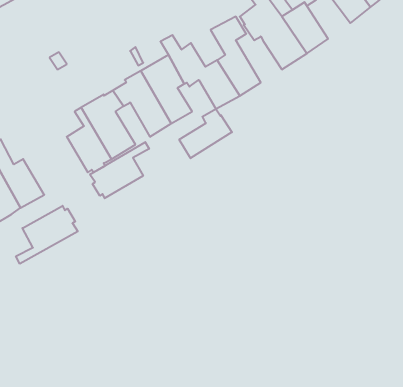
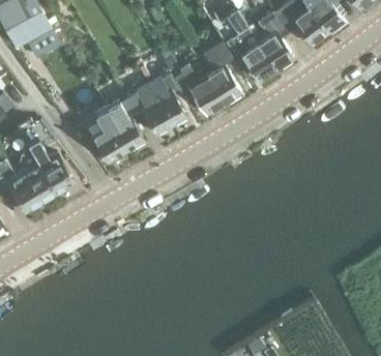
building: [179,109,232,158] -> none
building: [90,142,149,198] -> none
building: [16,206,78,264] -> none

